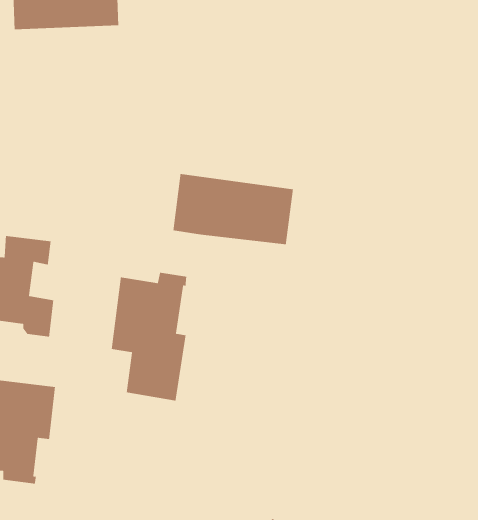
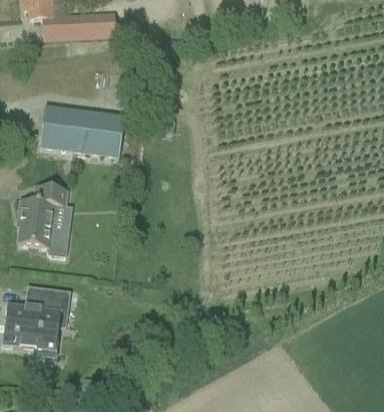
building: [173,173,294,245] -> [40,105,124,155]
building: [111,272,187,401] -> none

